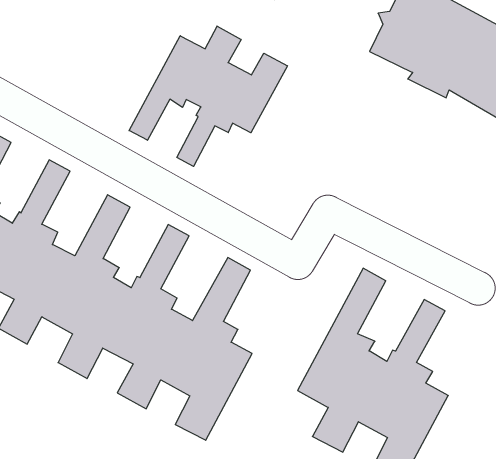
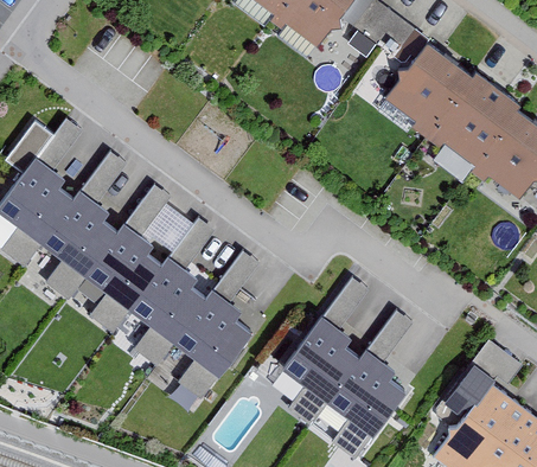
building: [129,26,287,166] -> none

